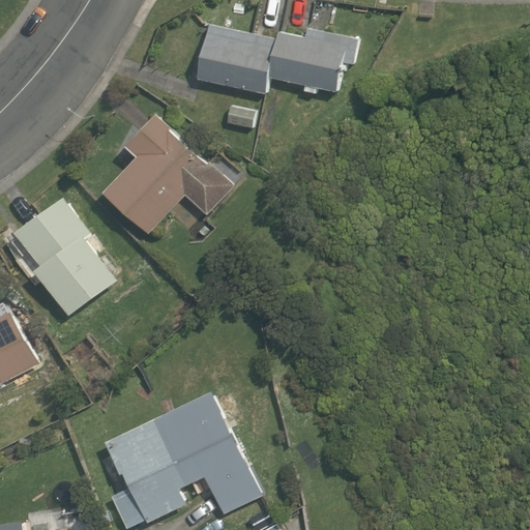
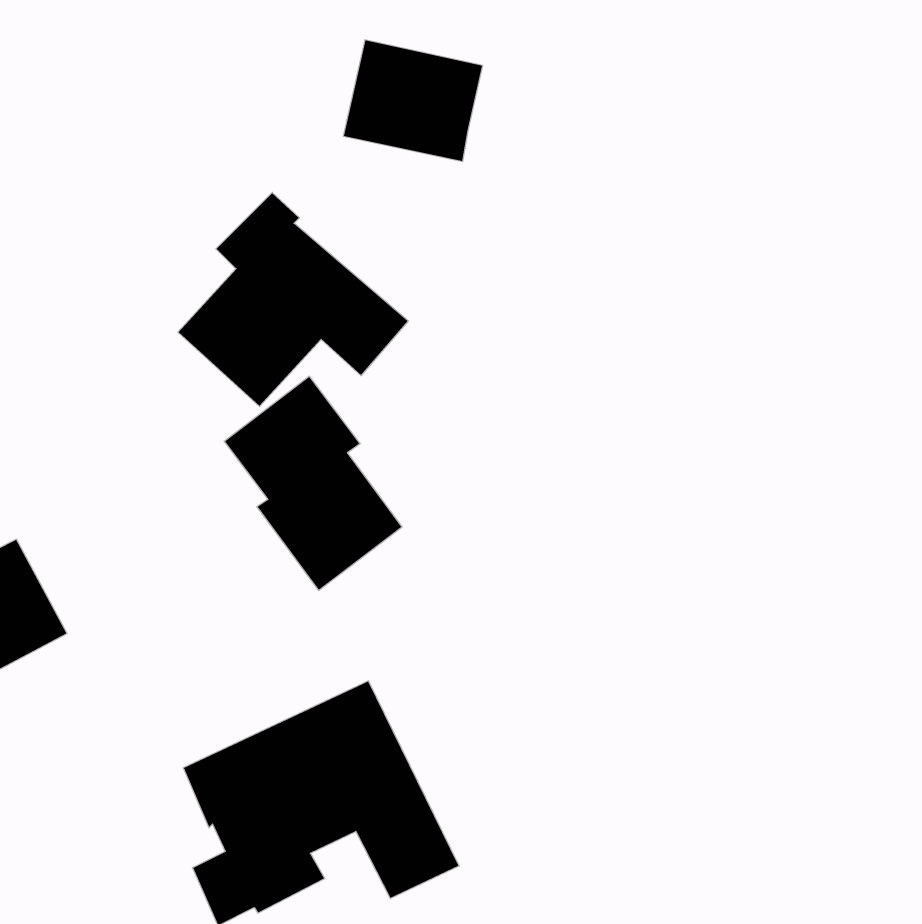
building: [267,27,359,91] -> none
building: [14,195,116,317] -> [224,376,402,590]

